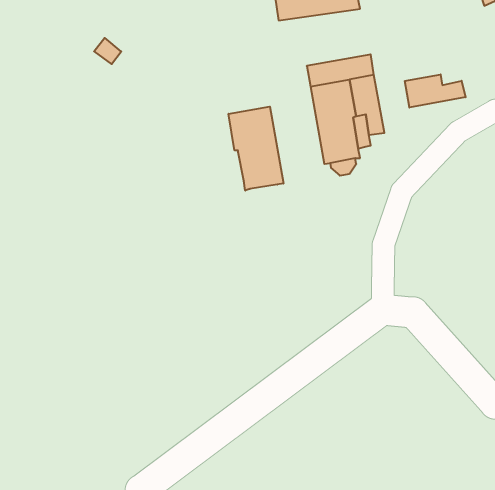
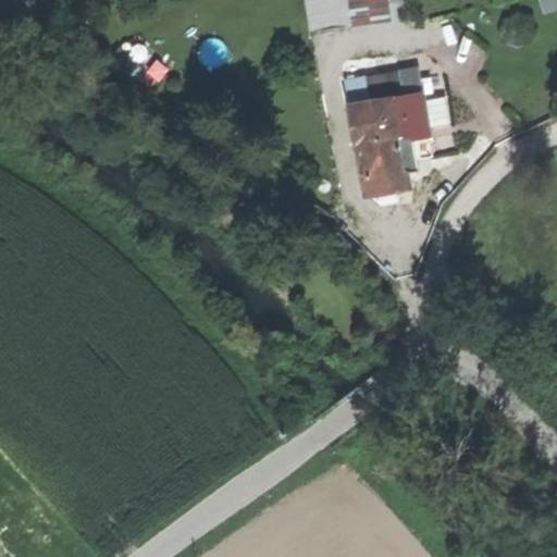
building: [405,74,466,108] -> none
building: [229,107,283,191] -> none

